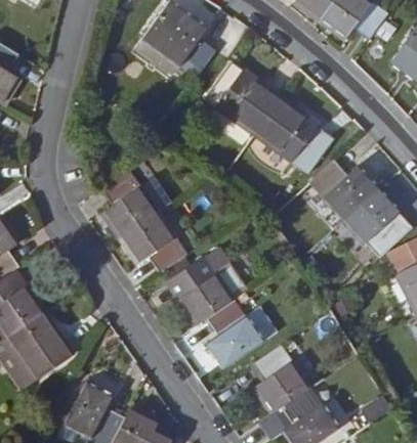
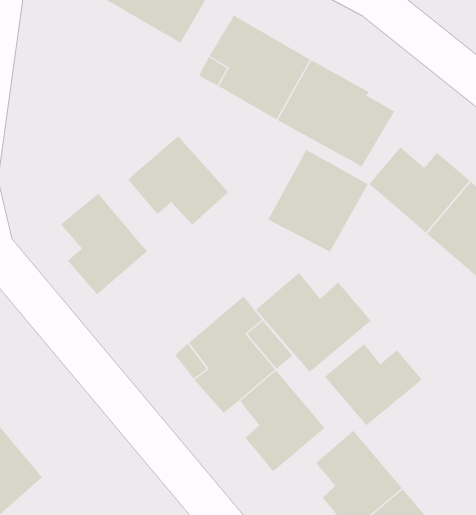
building: none -> [268,149,368,253]
building: [121,212,187,272] -> [127,135,229,225]
building: none -> [255,272,372,373]
building: none -> [324,343,423,426]

